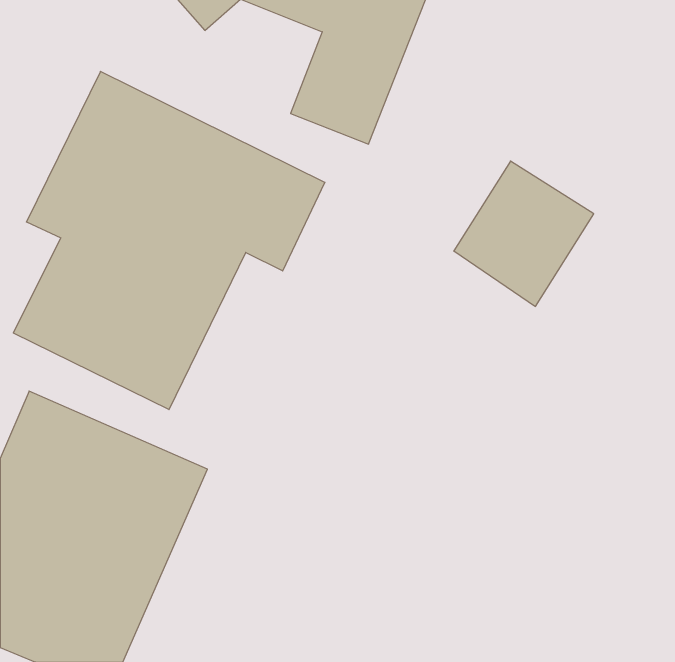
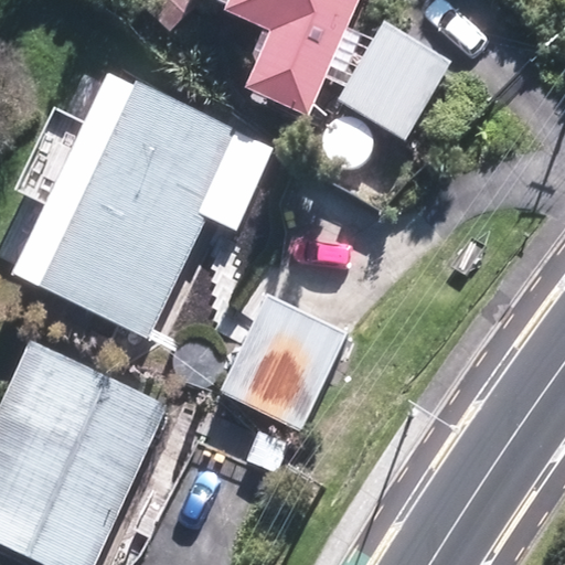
building: [454,161,594,306] -> [335,21,452,142]
building: none -> [220,292,353,428]

